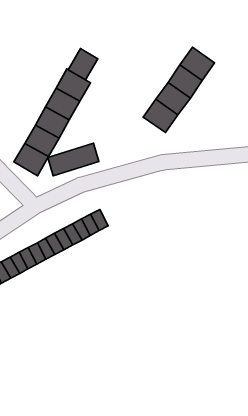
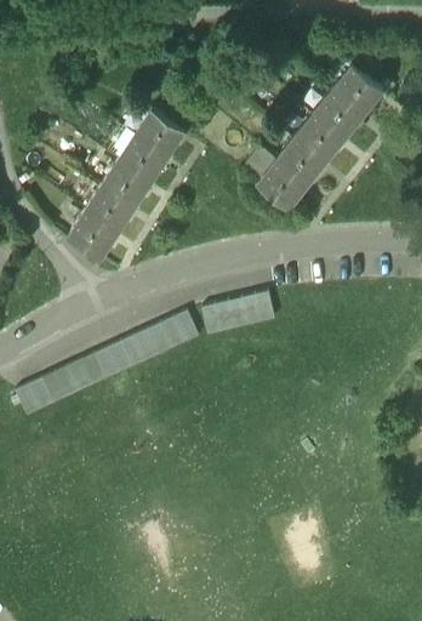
building: none -> [333,63,383,112]
building: [68,49,98,80] -> none
building: [48,143,99,176] -> [201,291,274,335]

